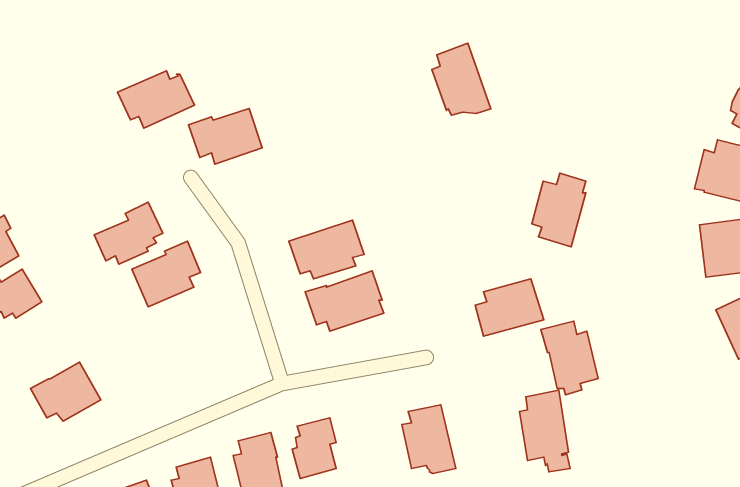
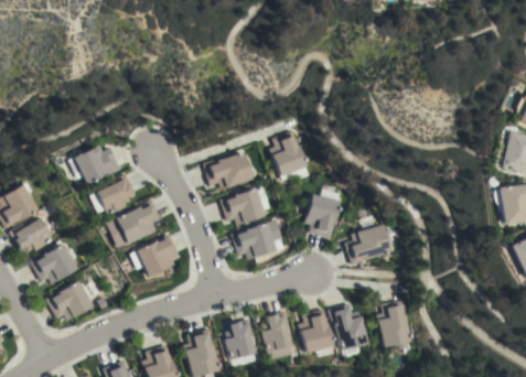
building: [432,43,491,115] -> [270,131,310,180]
building: [118,71,194,128] -> [68,146,120,184]
building: [189,109,262,164] -> [203,152,253,190]
building: [532,173,586,247] -> [305,188,342,238]
building: none -> [136,235,179,277]
building: none -> [31,244,78,283]
building: [541,321,598,395] -> [328,304,366,354]
building: none -> [259,311,291,360]

